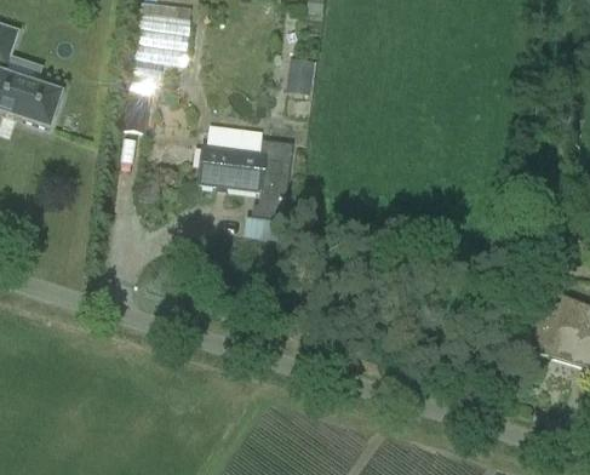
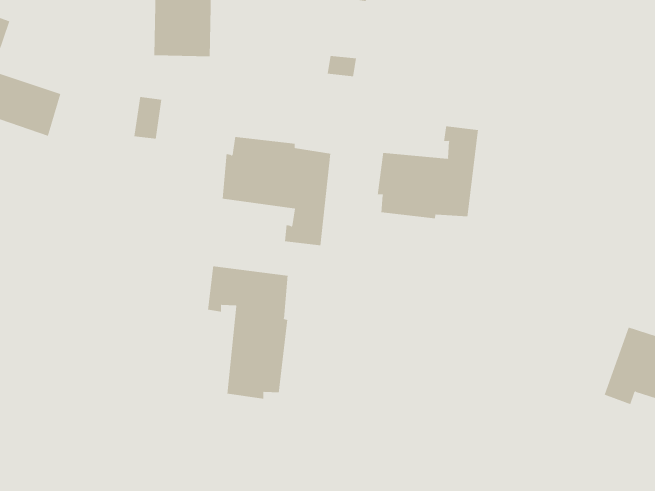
building: none -> [377,126,479,219]
building: none -> [208,266,288,399]

